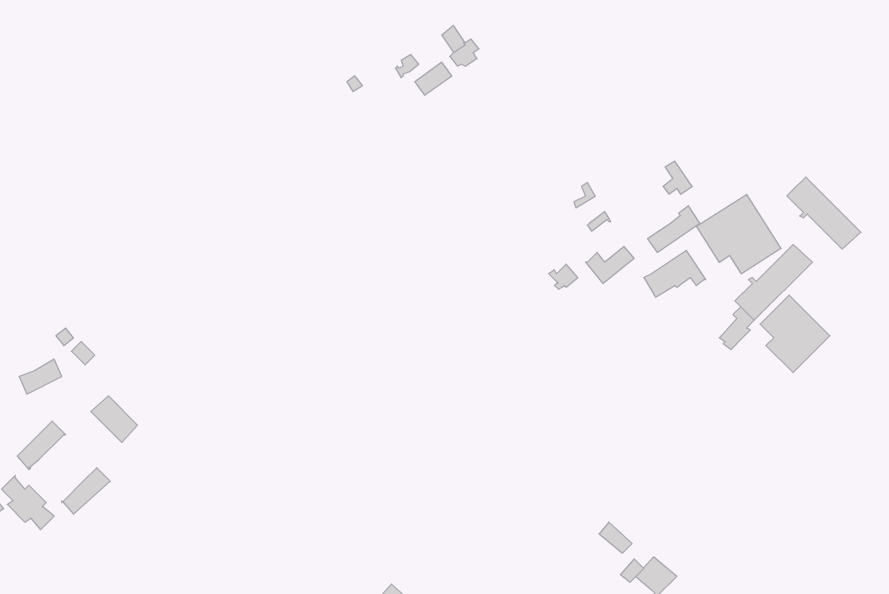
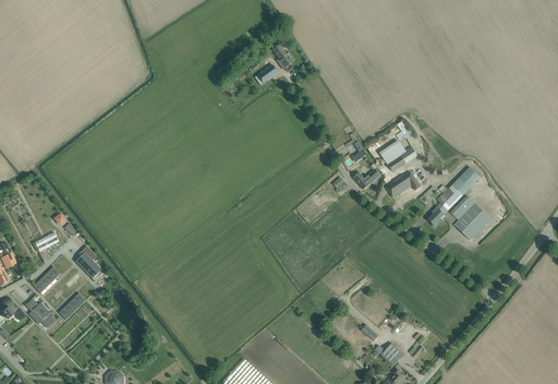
building: [787,177,861,249] -> none
building: [696,194,781,274] -> none

